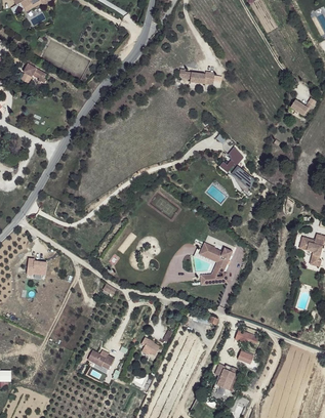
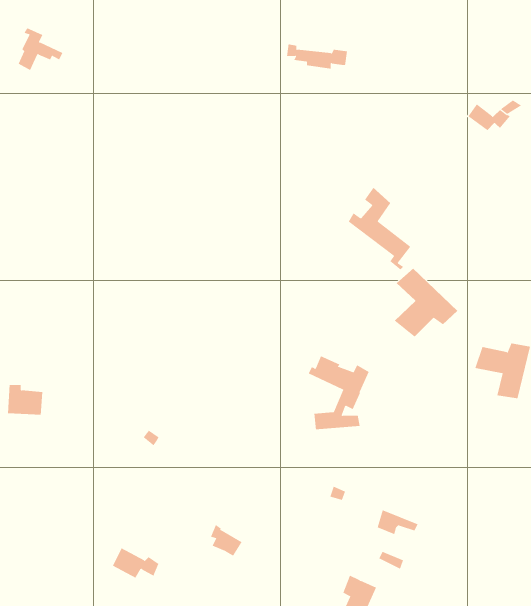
building: none -> [394,268,458,338]

